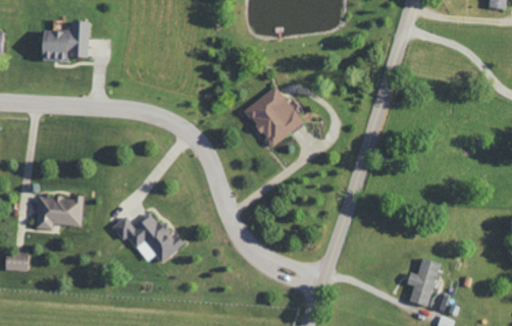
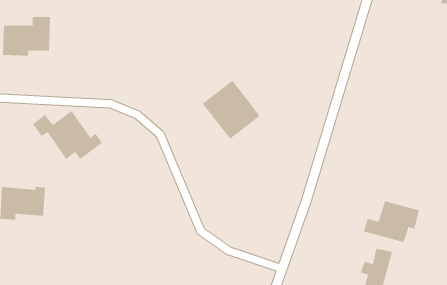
building: none -> [363,200,420,243]
building: [112,212,185,263] -> [32,110,103,160]

